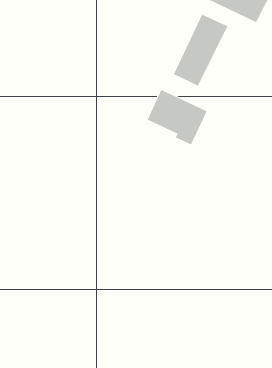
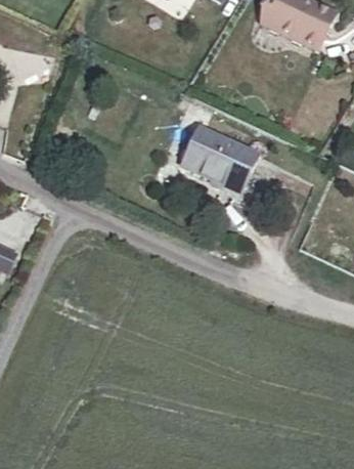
building: [173,14,228,87] -> none

